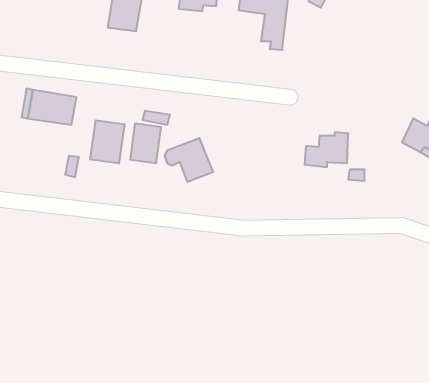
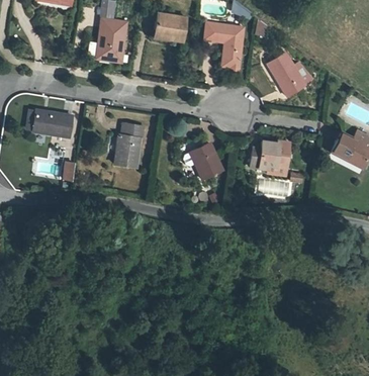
building: none -> [270,53,306,95]
building: [90,120,124,163] -> none
building: [165,138,213,182] -> [183,142,222,177]

